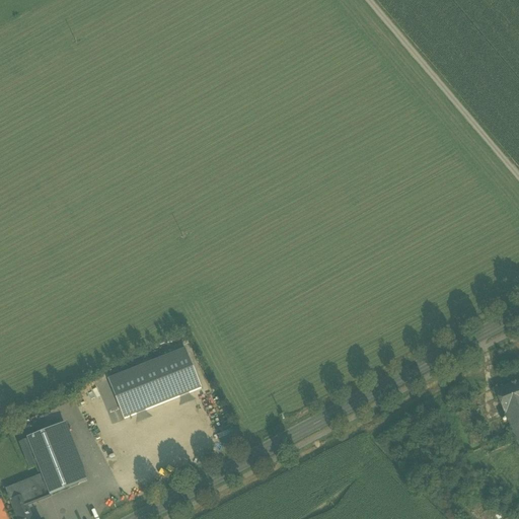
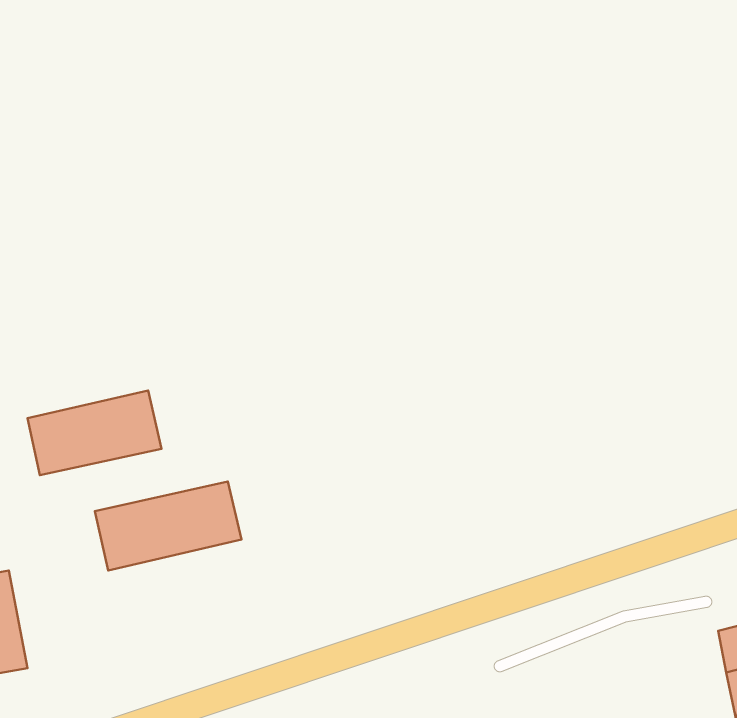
building: none -> [27,390,161,475]

